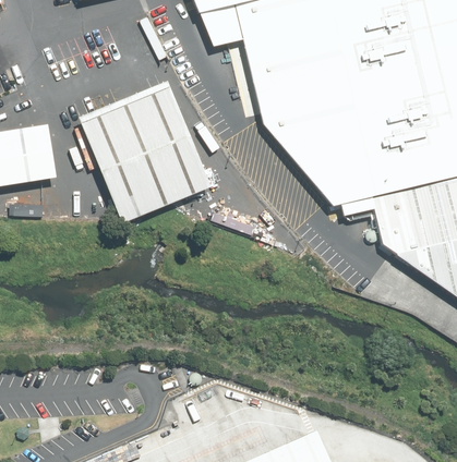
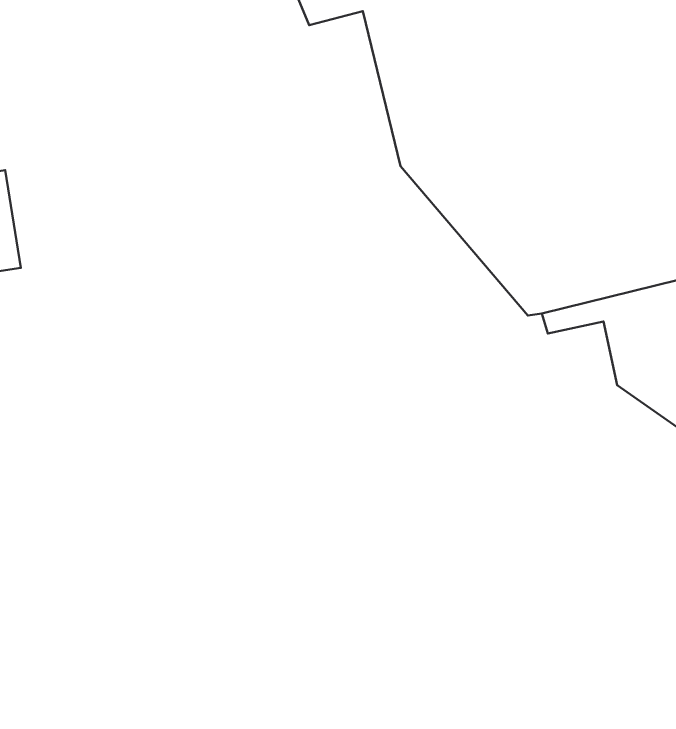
building: [77,81,209,224] -> none

